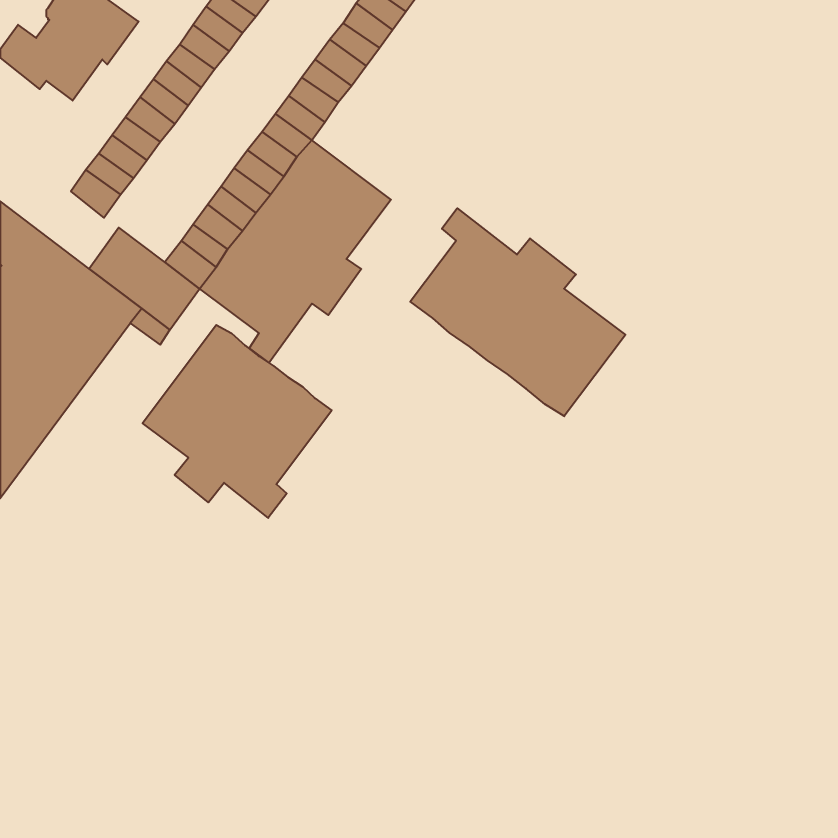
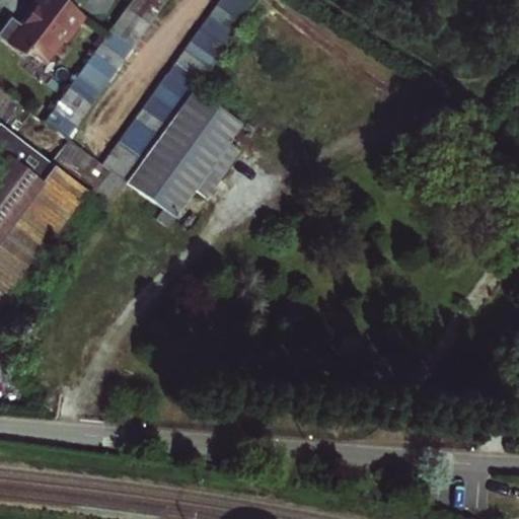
building: [410,208,625,416] -> none
building: [143,325,332,518] -> none

